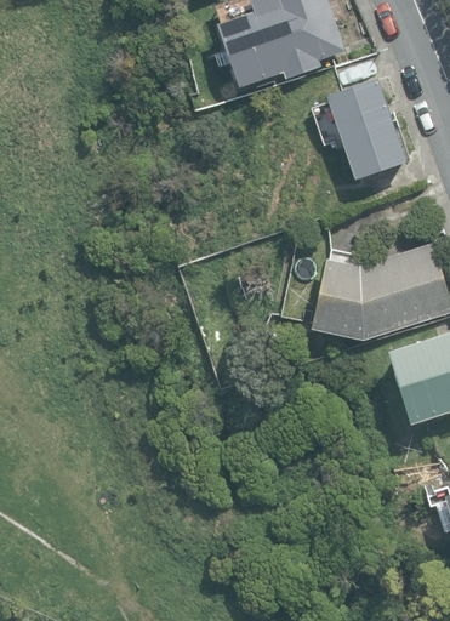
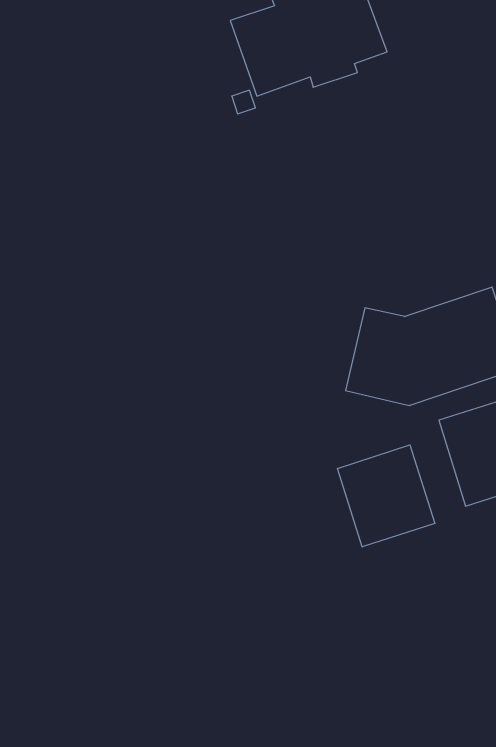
building: [327,80,405,180] -> none
building: none -> [337,445,435,547]

